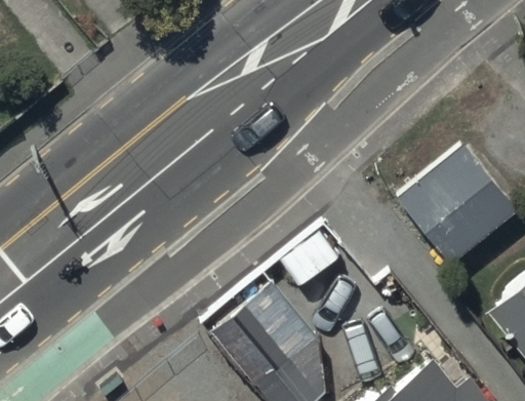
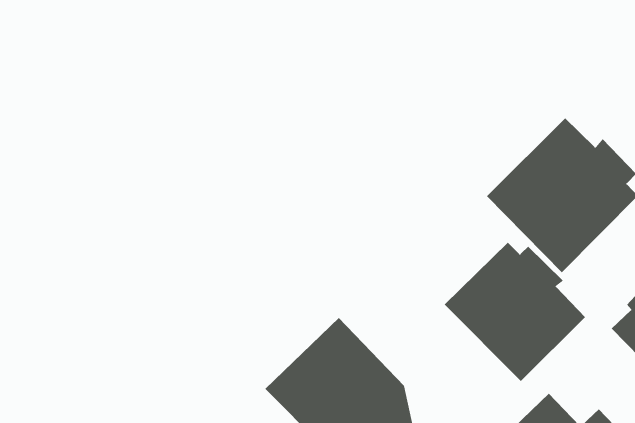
building: none -> [444,242,586,382]

